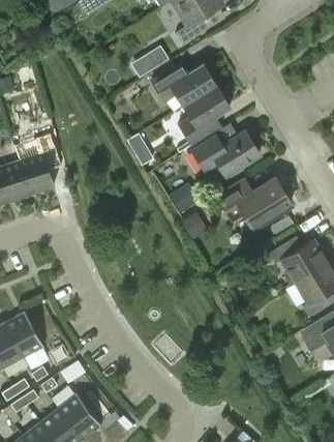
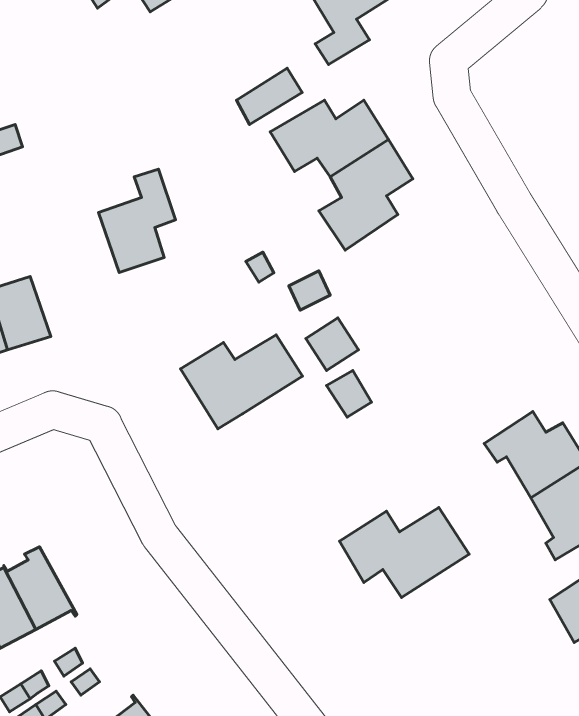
building: [191,131,259,183] -> [180,335,302,429]
building: [18,137,60,194] -> [98,169,175,272]
building: [218,178,290,228] -> [340,507,469,597]

